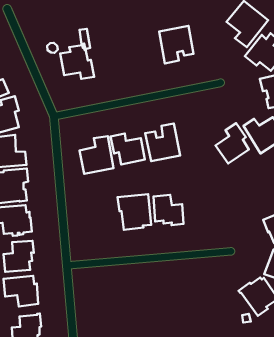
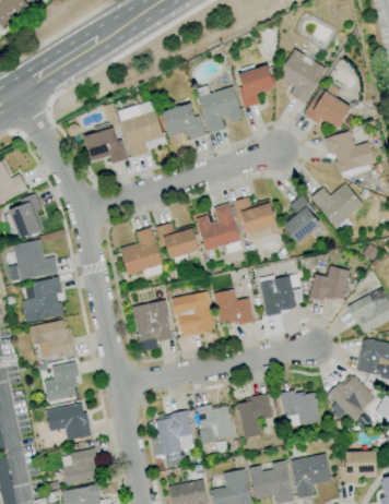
building: none -> [237,64,274,109]
building: none -> [117,105,163,158]
building: none -> [161,104,204,140]
building: none -> [233,197,276,233]
building: none -> [308,266,350,301]
building: none -> [259,276,303,316]
building: none -> [132,300,172,344]
building: none -> [280,391,320,427]
building: none -> [236,394,272,439]
building: none -> [193,404,234,444]
building: none -> [149,410,192,456]

